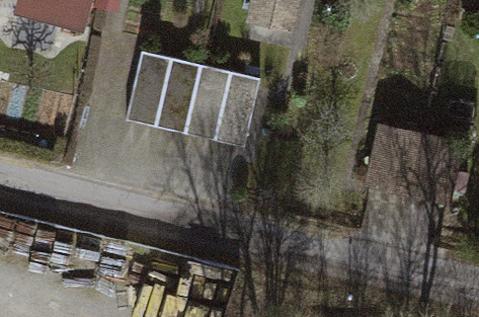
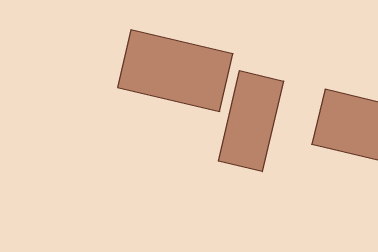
building: none -> [218,71,284,172]

